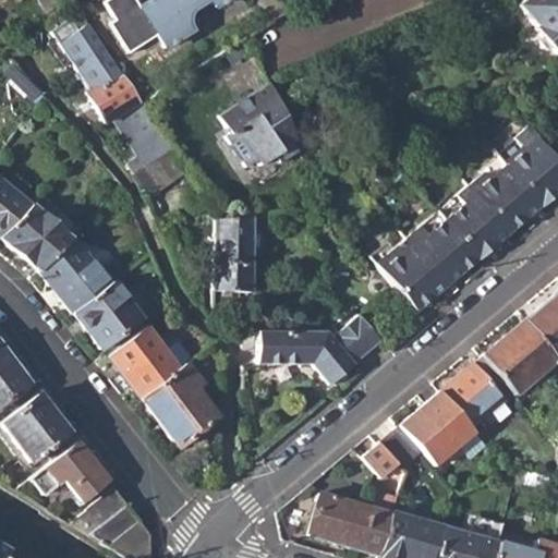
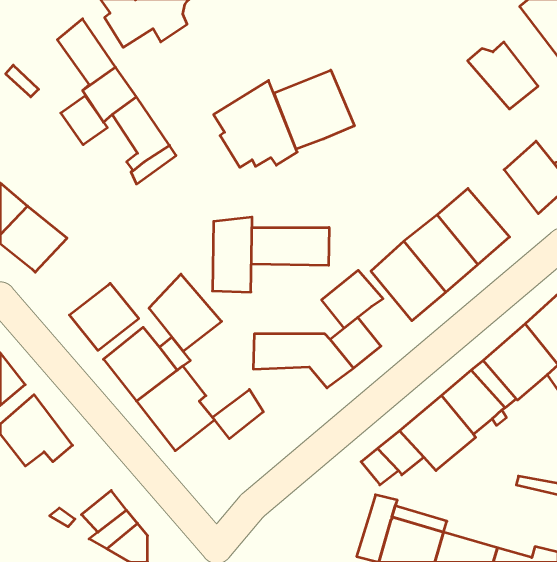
building: none -> [274,70,354,149]
building: none -> [61,96,107,145]
building: [469,168,538,234] -> [468,42,538,109]
building: none -> [252,227,329,265]
building: [40,235,112,312] -> [149,274,222,351]
building: none -> [322,270,383,328]
building: none -> [212,389,263,439]
building: [31,440,110,500] -> none
building: [308,494,372,550] -> none

